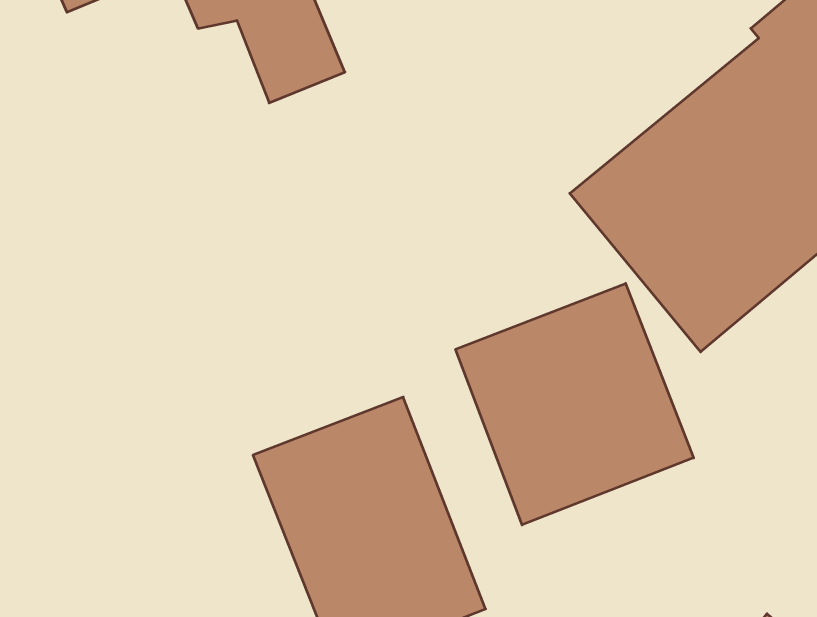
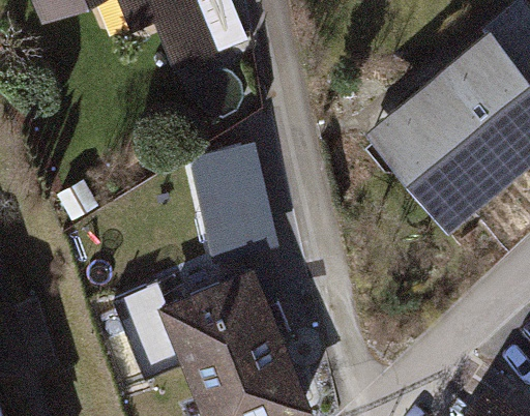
building: none -> [198,136,274,246]
building: [456,283,694,525] -> none

